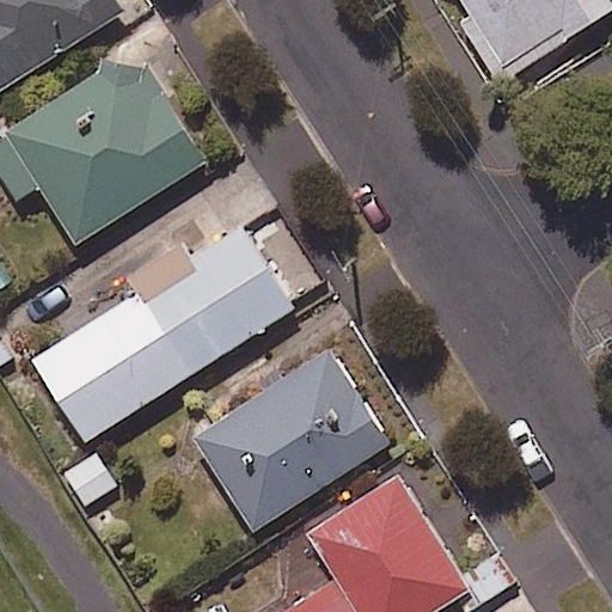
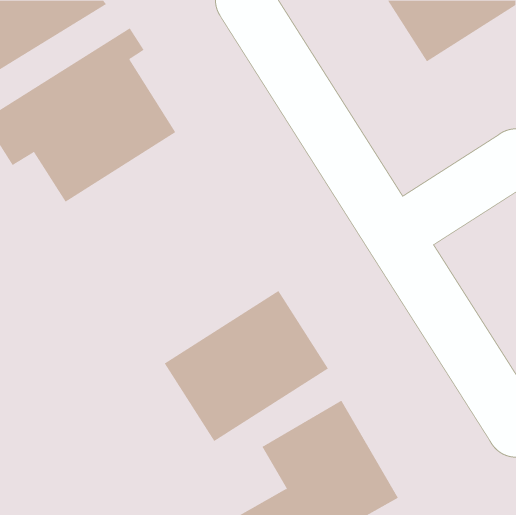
building: [32,227,294,441] -> none

